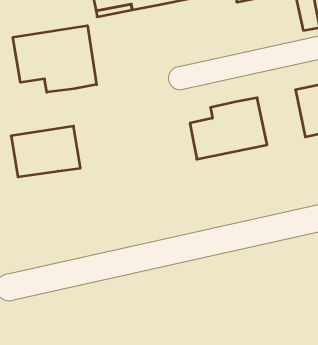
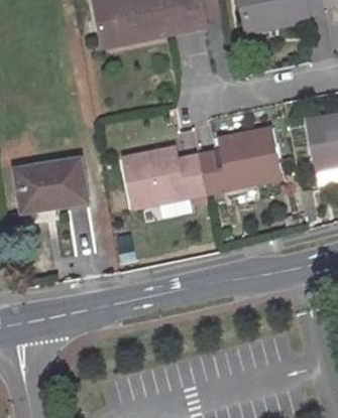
building: [13,26,97,92] -> none
building: none -> [124,148,206,206]

